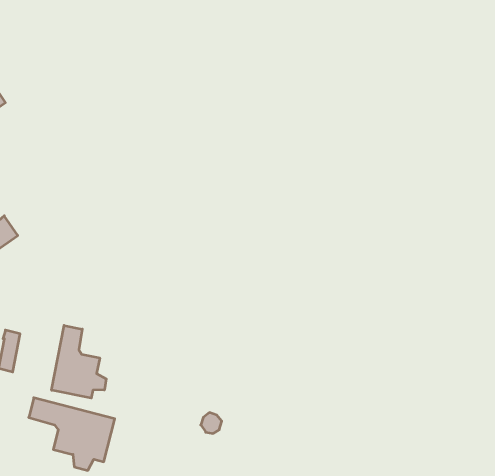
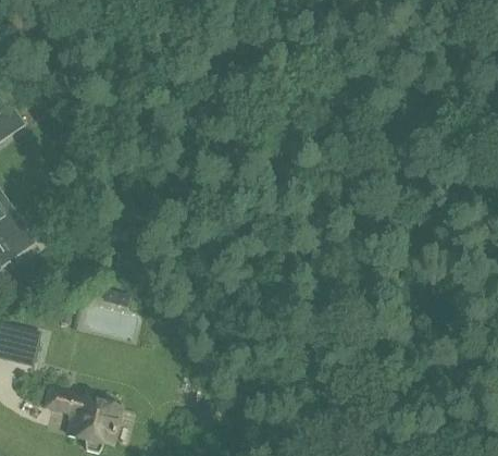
building: [52,325,106,398] -> none

